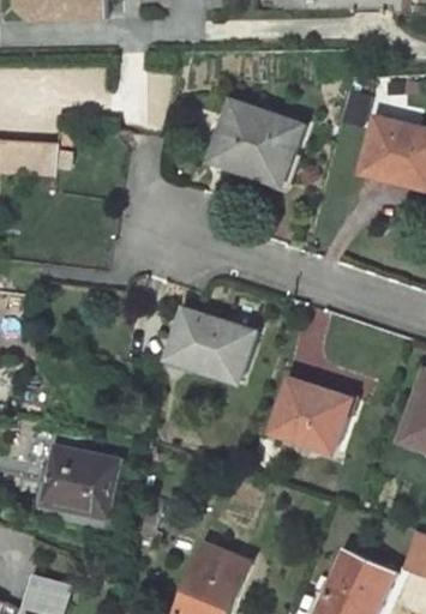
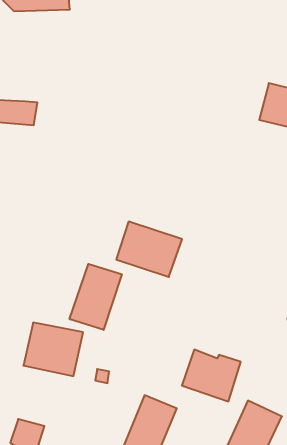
building: [209,98,302,179] -> none
building: none -> [70,264,122,330]
building: [271,381,352,452] -> [182,350,241,401]

